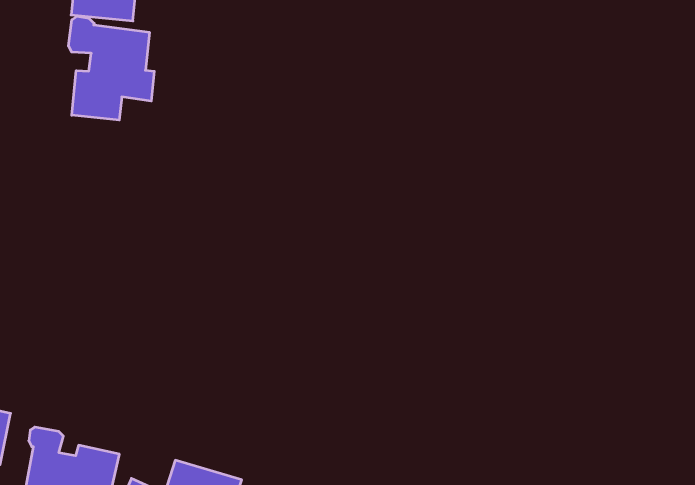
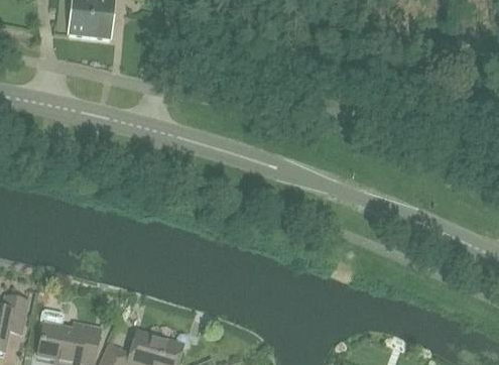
building: [68,16,154,120] -> none

